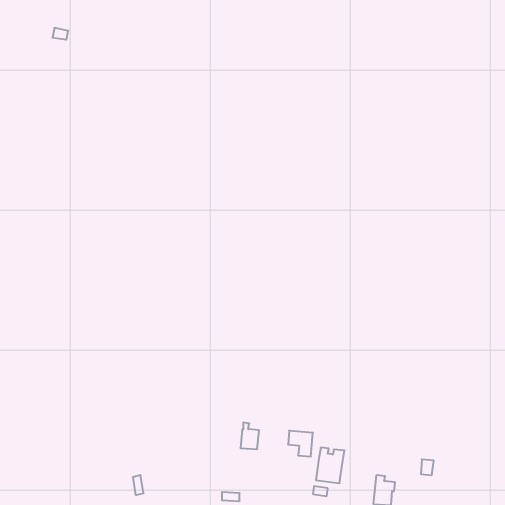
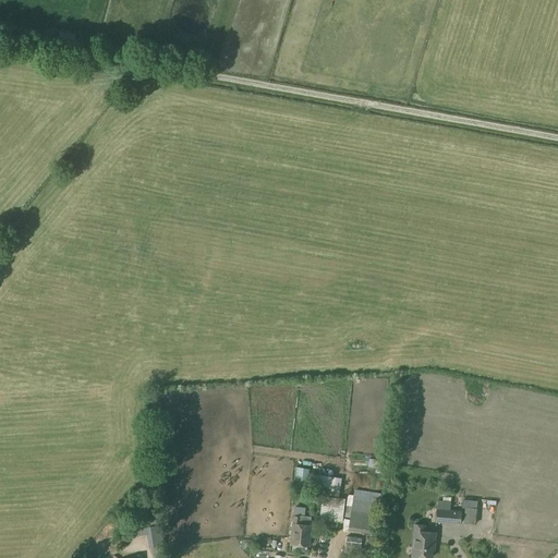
building: [240,422,259,449] -> [291,514,312,544]
building: none -> [436,499,461,524]

